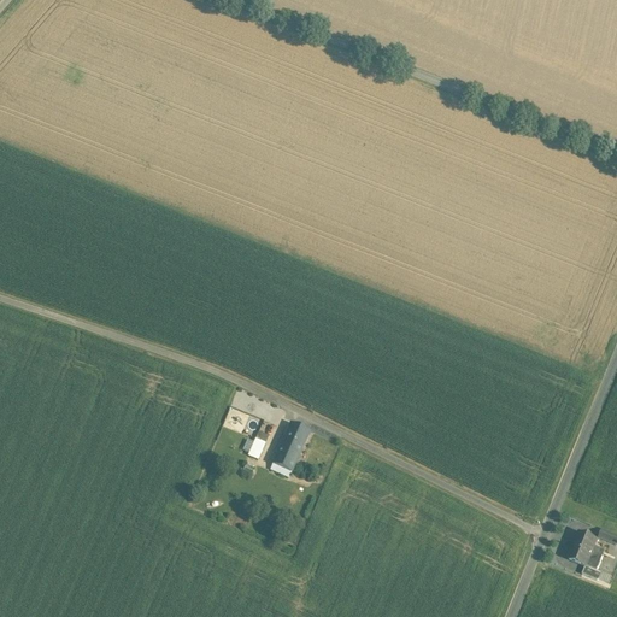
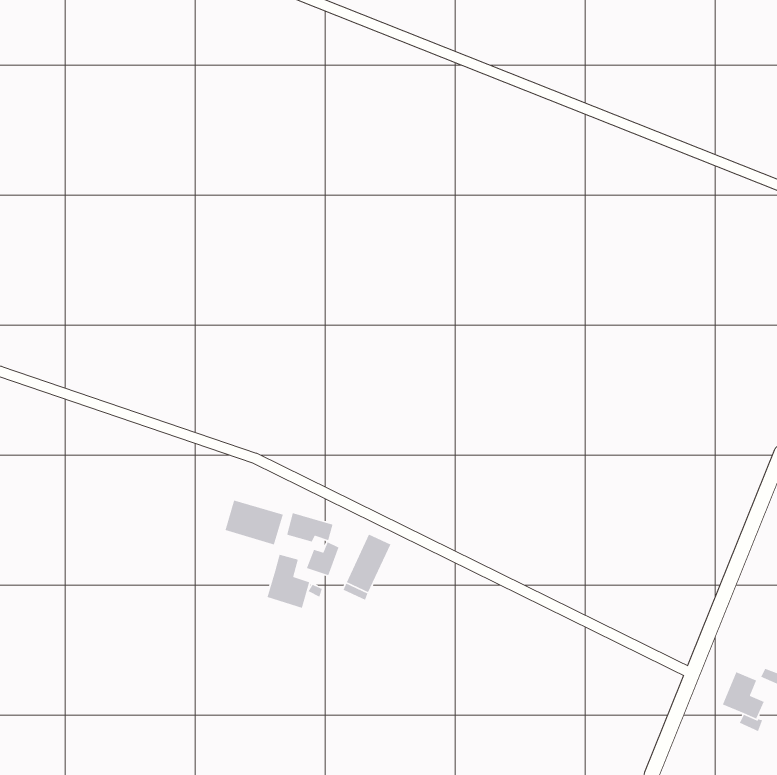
building: none -> [224,500,284,545]
building: none -> [266,553,310,609]

